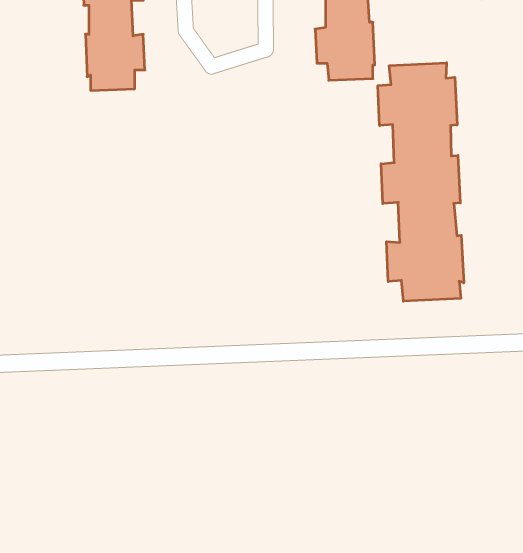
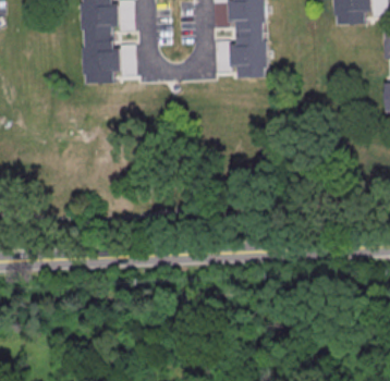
building: [378,63,464,301] -> none

